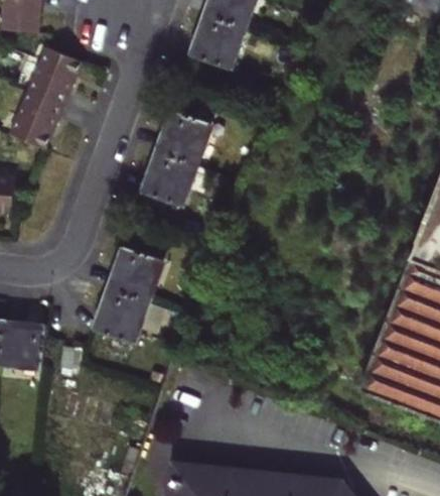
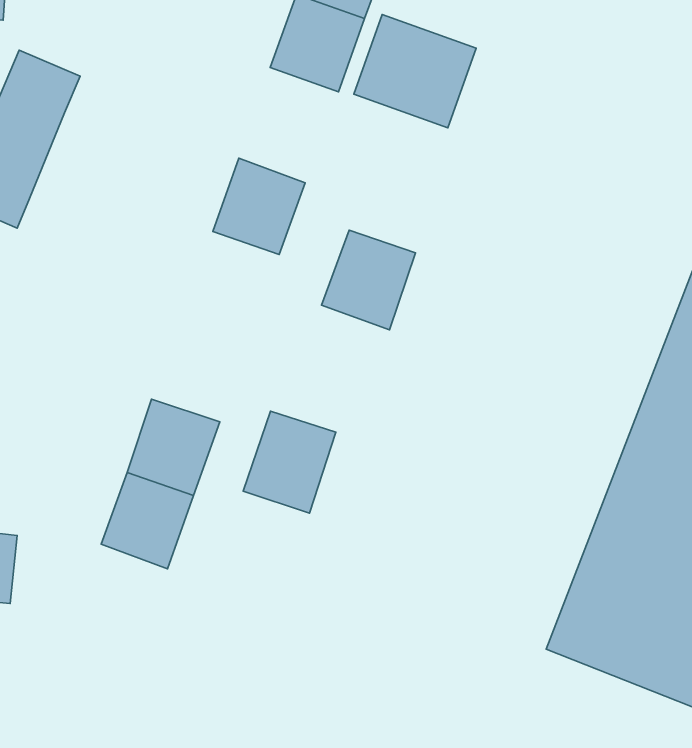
building: none -> [354,14,476,128]
building: [143,153,197,211] -> [321,230,416,330]
building: none -> [243,411,336,513]

